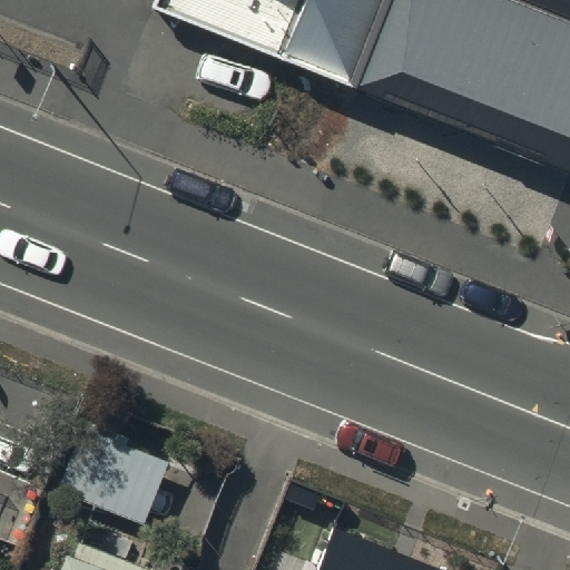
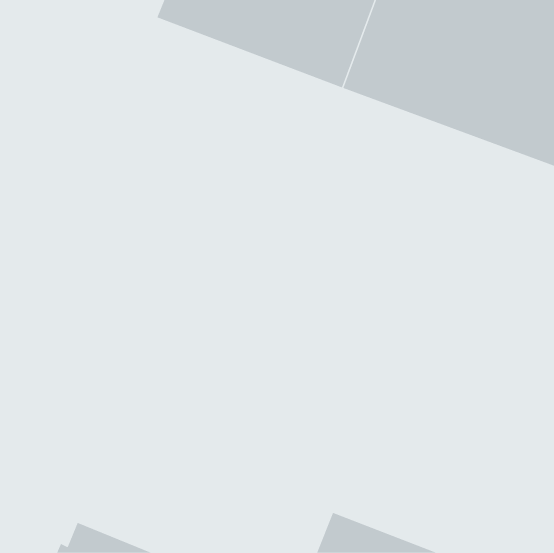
building: [62,419,179,519] -> none

